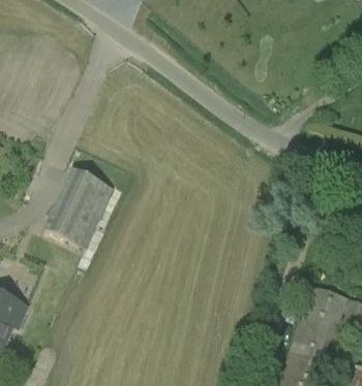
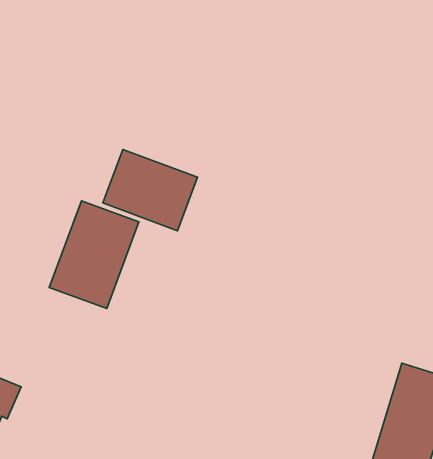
building: none -> [103,150,198,231]

